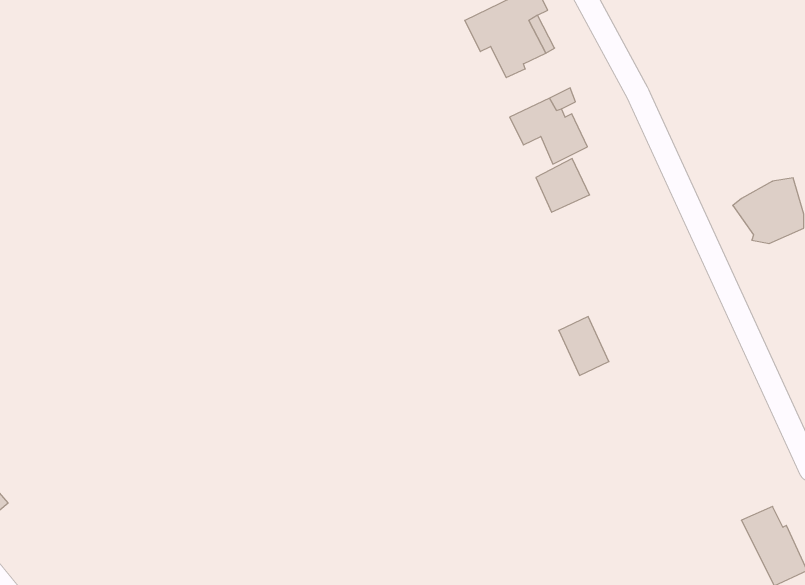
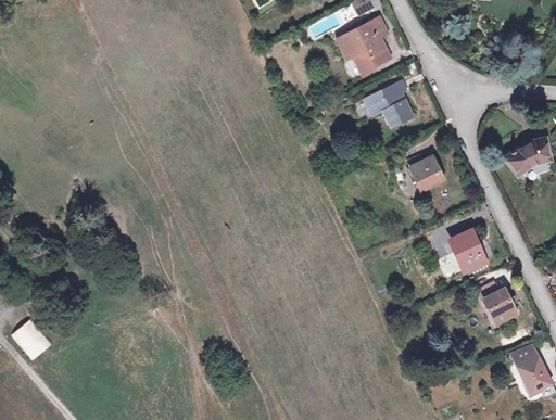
building: [536,159,590,212] -> [408,155,442,189]
building: [559,317,609,375] -> [448,231,480,268]
building: none -> [482,289,515,322]

